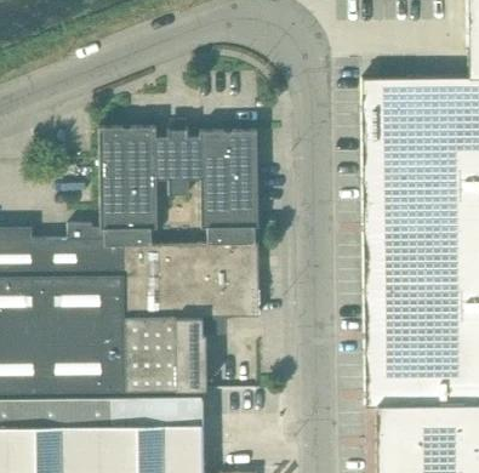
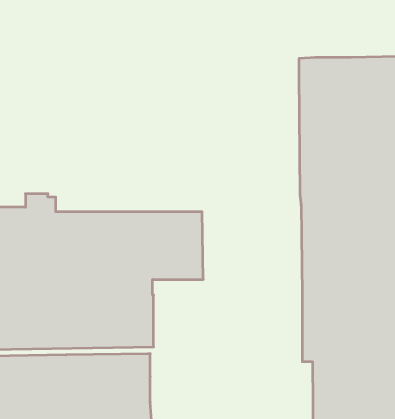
building: [99,126,258,244] -> none

